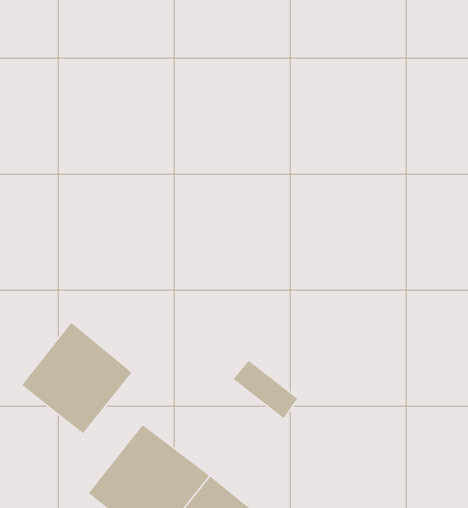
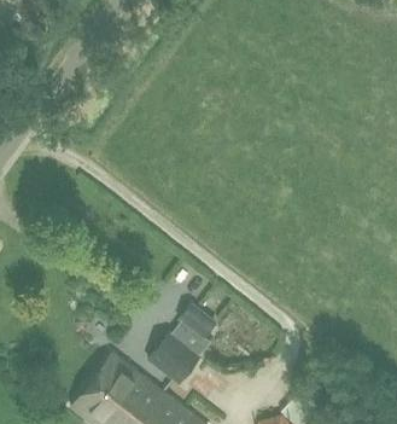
building: [21,322,132,434] -> none
building: none -> [148,333,199,384]

